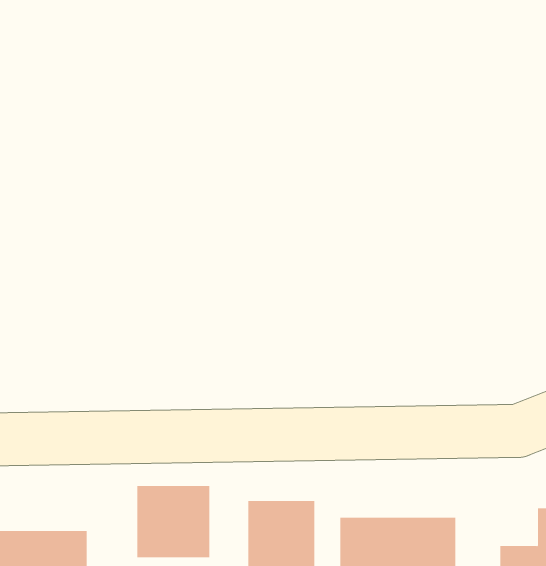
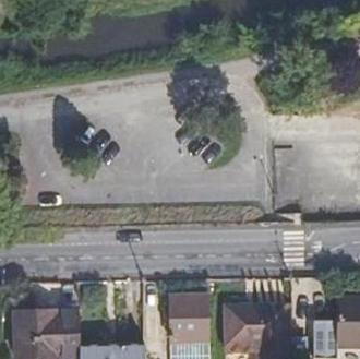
building: [137,485,210,558] -> none

